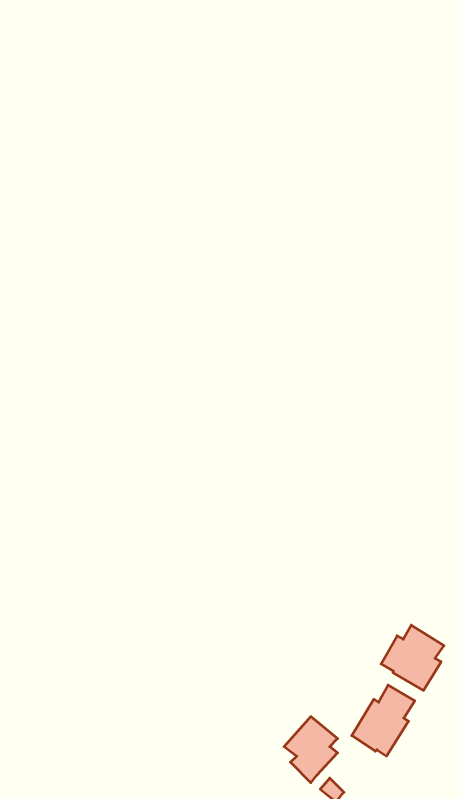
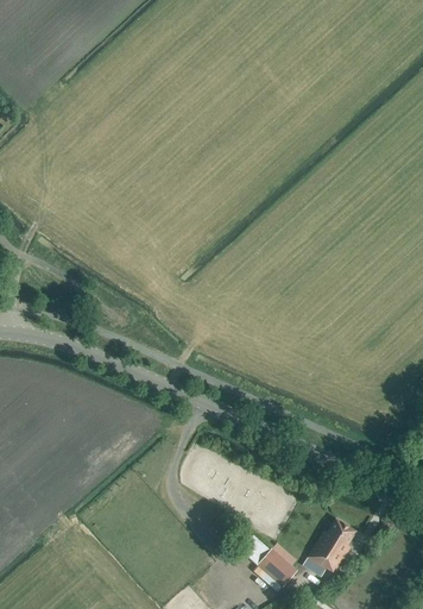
building: [381,625,444,690] -> none

